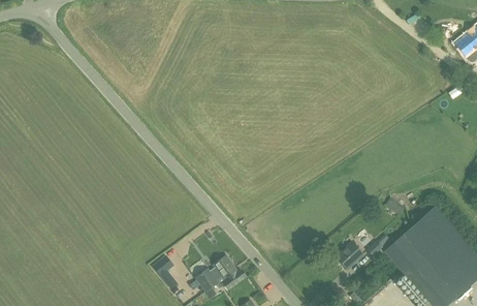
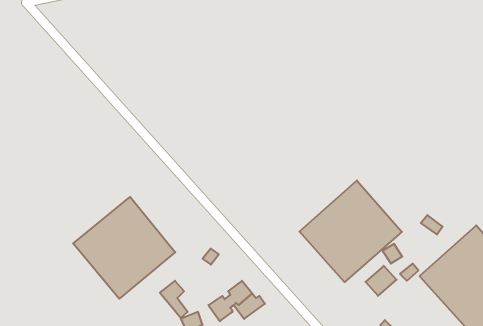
building: none -> [299,180,402,282]
building: none -> [73,197,175,299]

